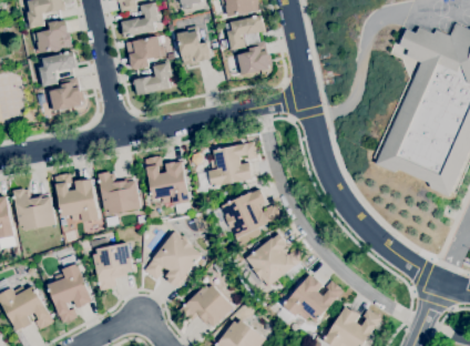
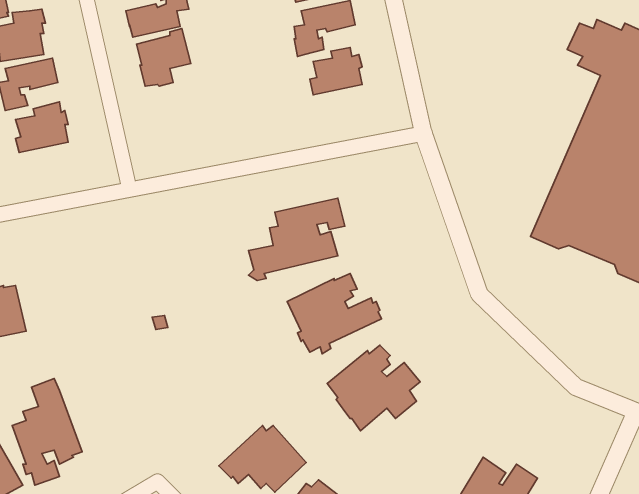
building: [177,30,211,67] -> none
building: [133,63,171,96] -> none
building: [140,155,190,205] -> none
building: [98,172,141,214] -> none
building: [54,173,99,222] -> none
building: [144,233,203,287] -> none
building: [93,243,133,291] -> none
building: [283,275,343,322] -> none

